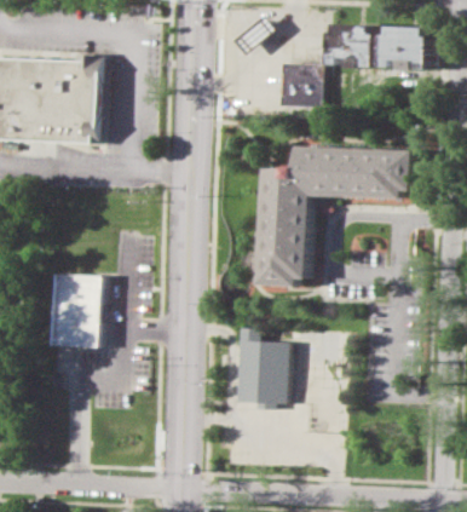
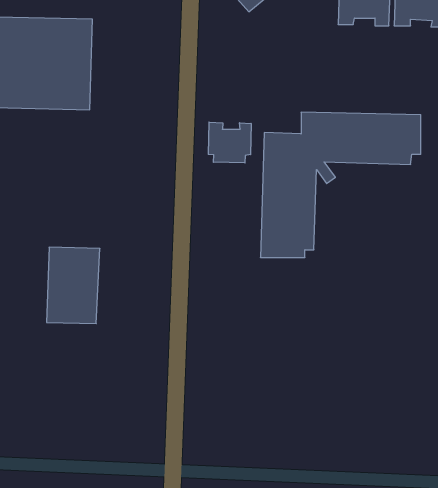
building: [281,62,323,108] -> none
building: none -> [208,122,251,163]
building: [231,328,284,405] -> none

